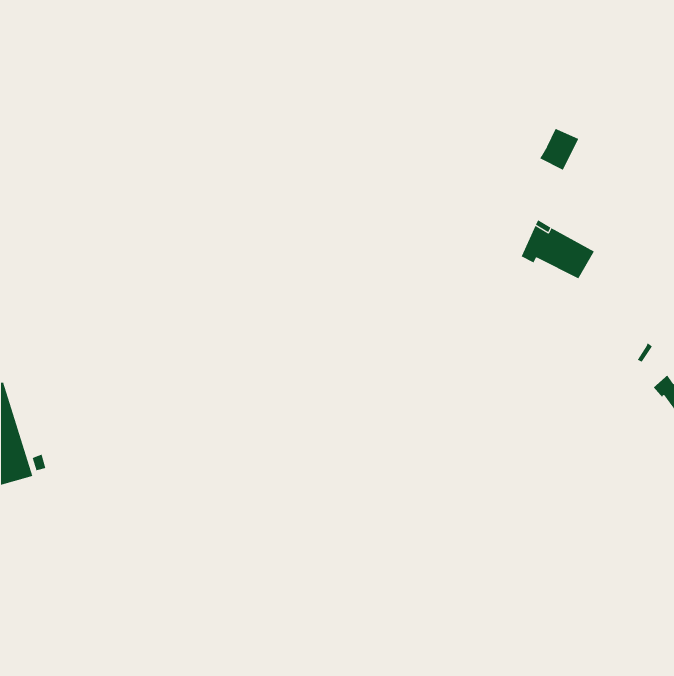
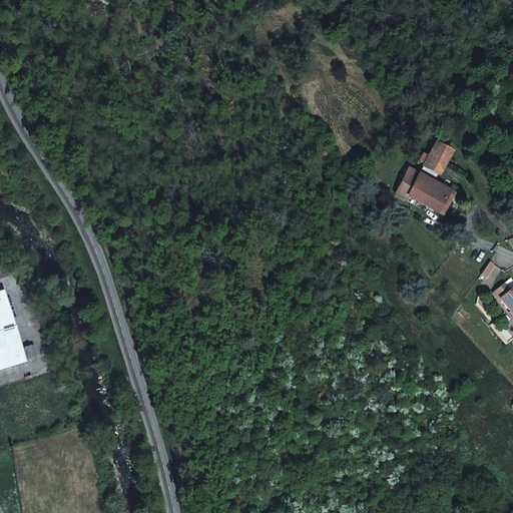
building: [539,128,579,170] -> [424,142,454,174]

